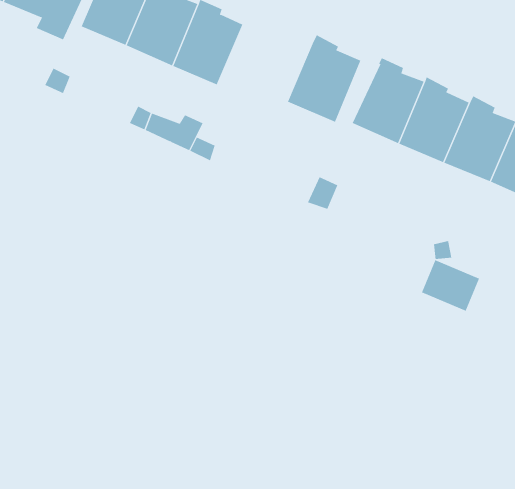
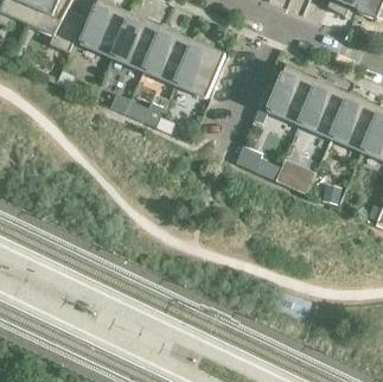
building: [287,34,361,123] -> [173,37,224,97]
building: [421,260,480,311] -> [275,160,315,196]

